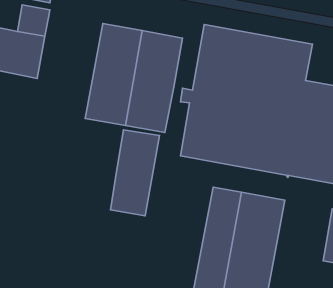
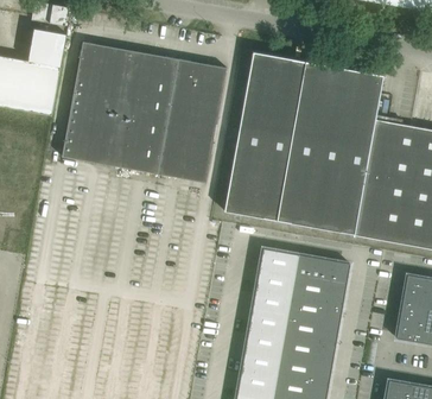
building: none -> [62,42,131,165]
building: [110,130,159,216] -> none

